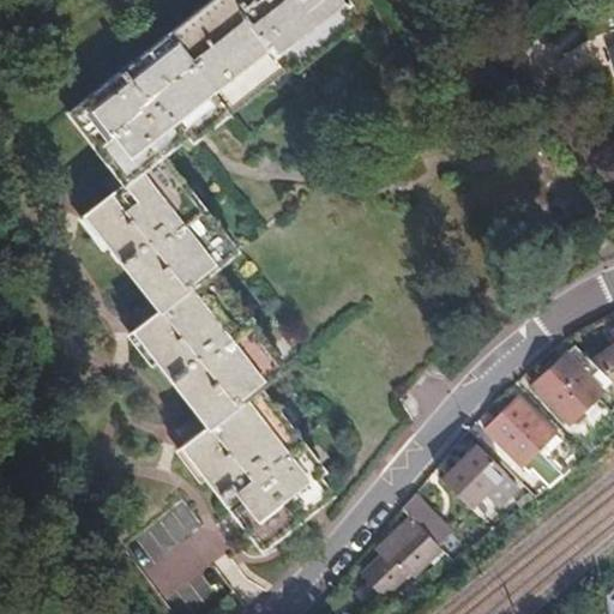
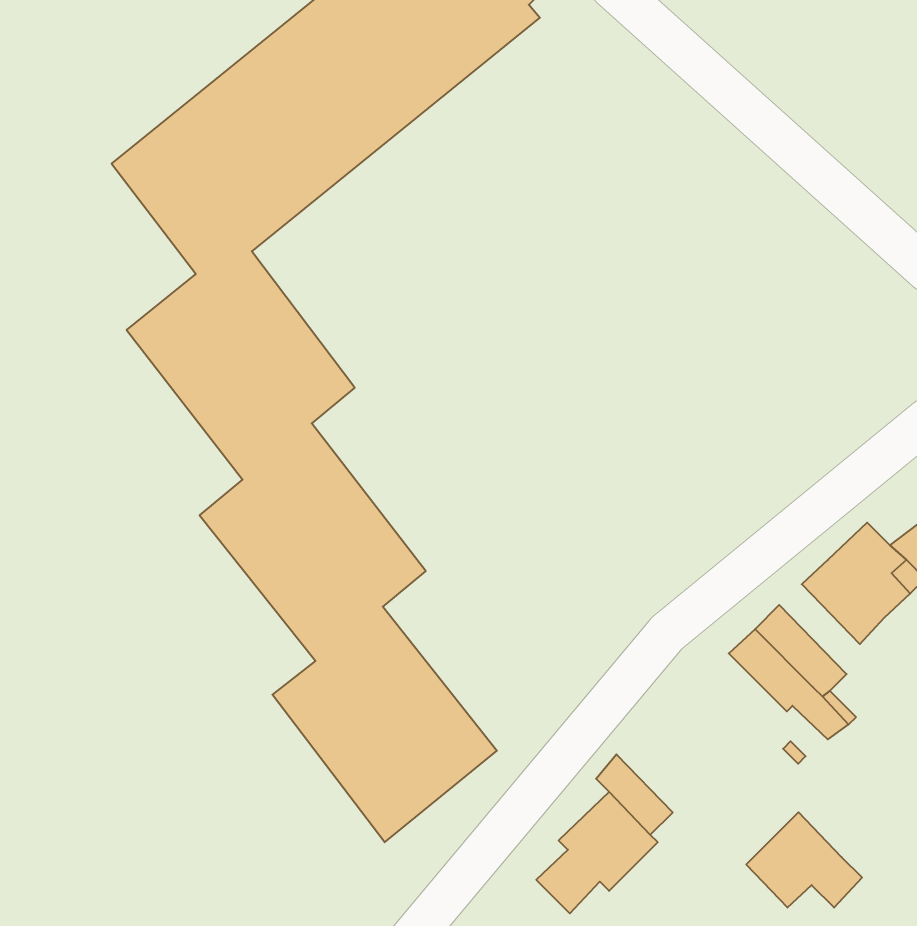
building: [429,440,504,501] -> [746,812,862,908]

